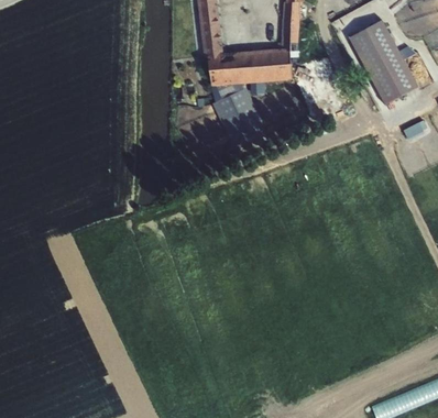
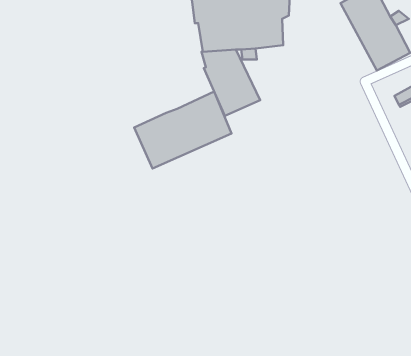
building: none -> [134,91,232,168]

